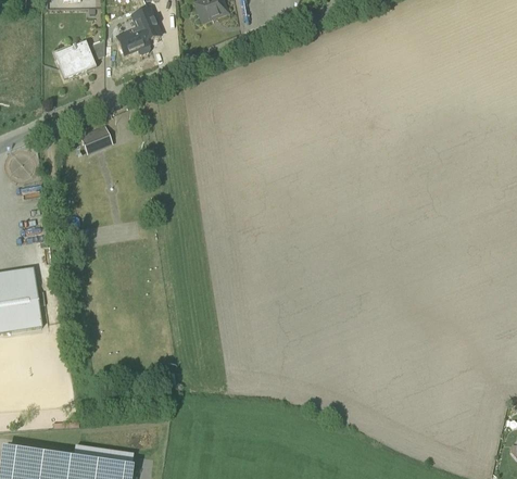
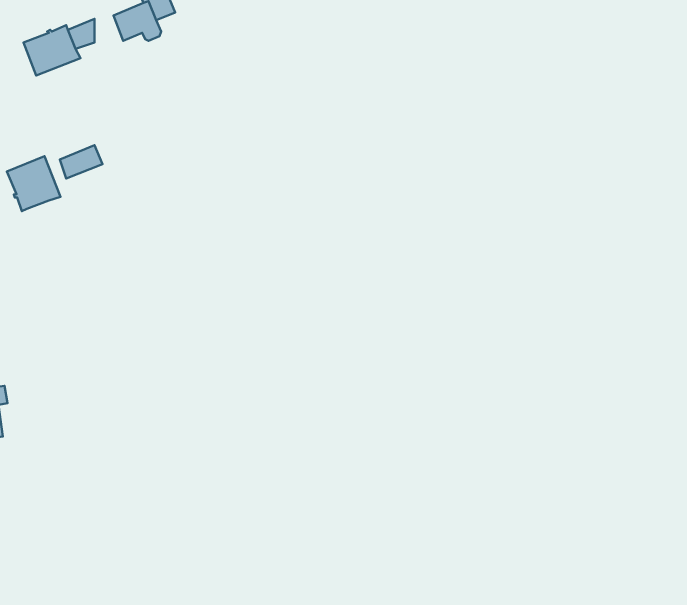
building: none -> [7,156,60,211]

